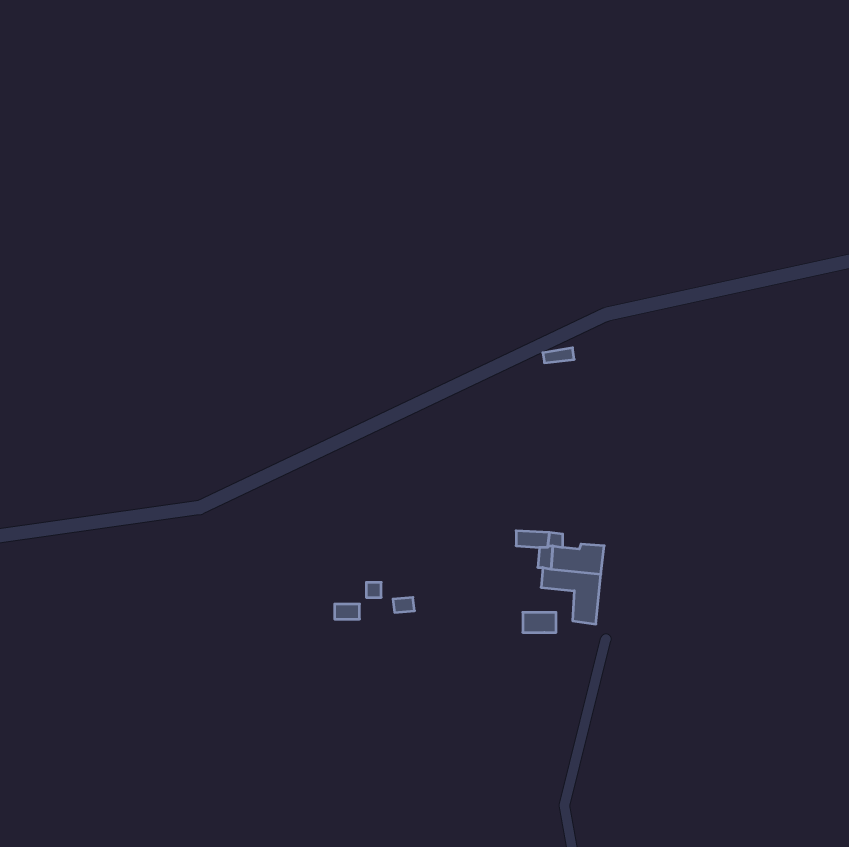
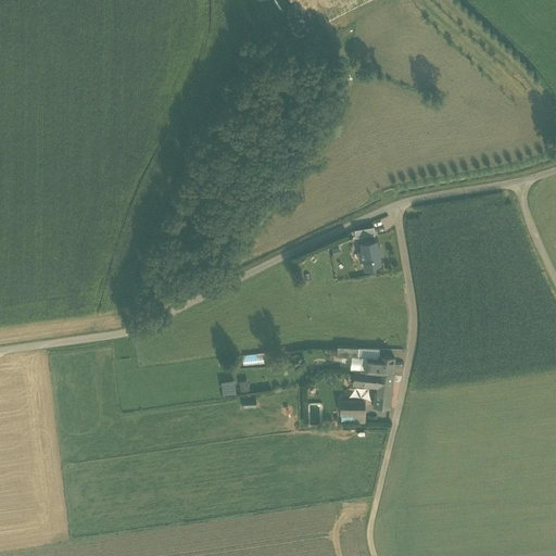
building: none -> [359,243,380,271]

